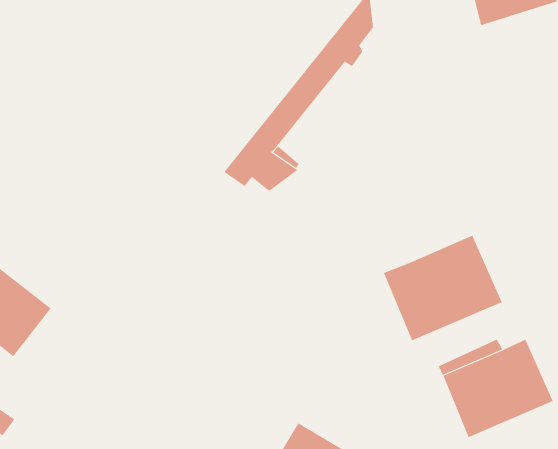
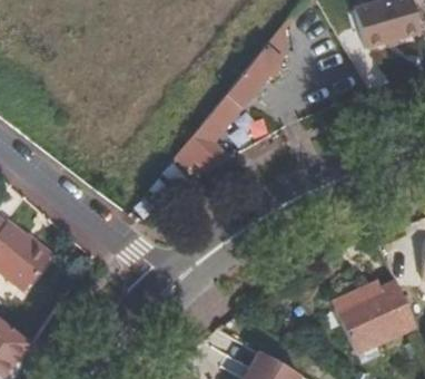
building: [383,235,502,341] -> none

